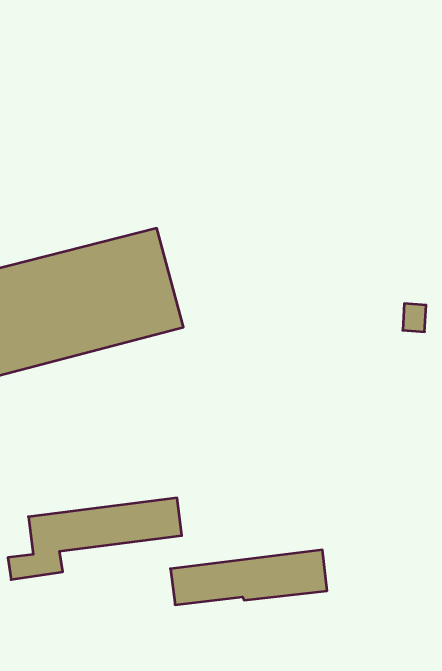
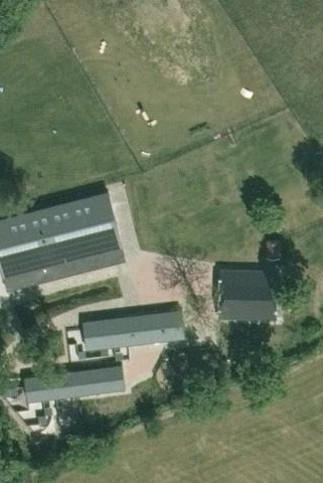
building: none -> [218,271,277,320]
building: [170,550,327,605] -> [83,312,183,347]

